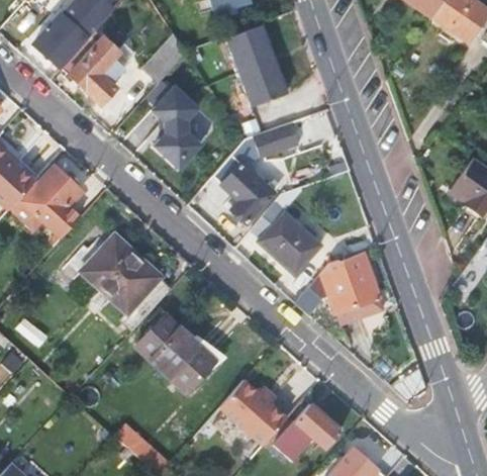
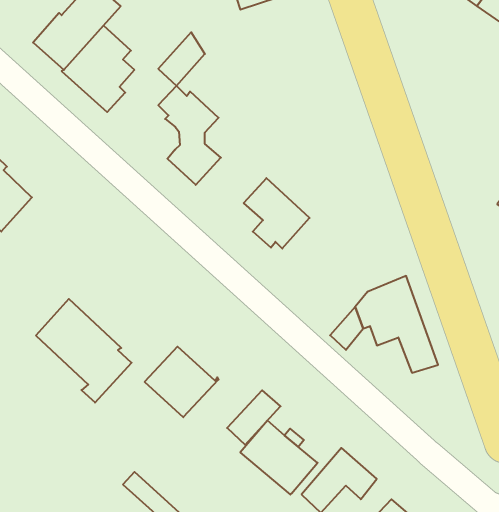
building: [228,23,290,105] -> none
building: [257,122,302,160] -> none
building: [24,165,82,237] -> none
building: [248,194,319,270] -> none
building: [84,232,169,324] -> [36,299,132,403]
building: [168,343,215,391] -> [227,390,281,445]

